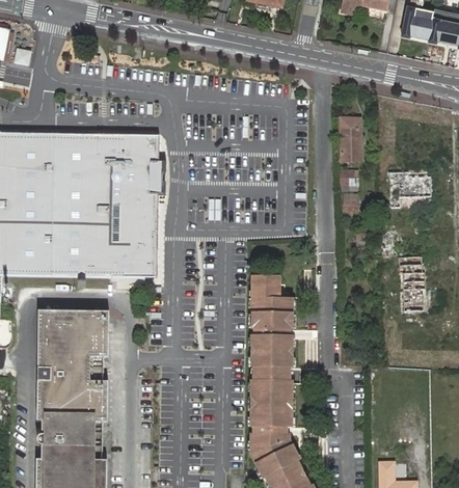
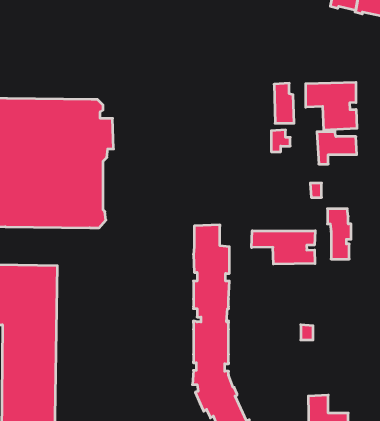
building: none -> [306,82,357,130]
building: none -> [252,231,315,264]

